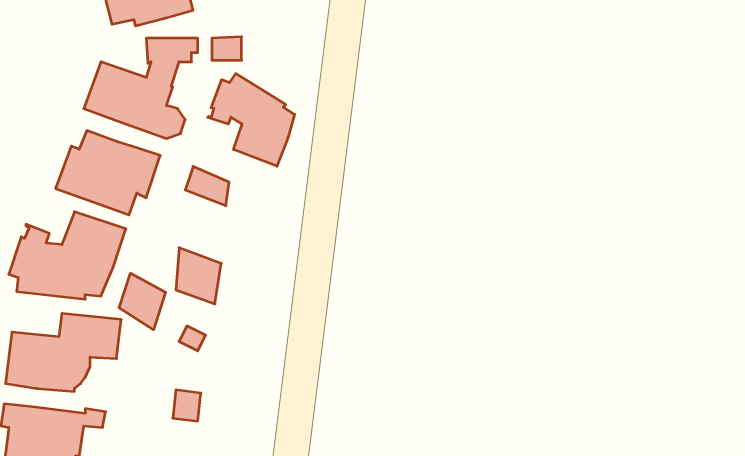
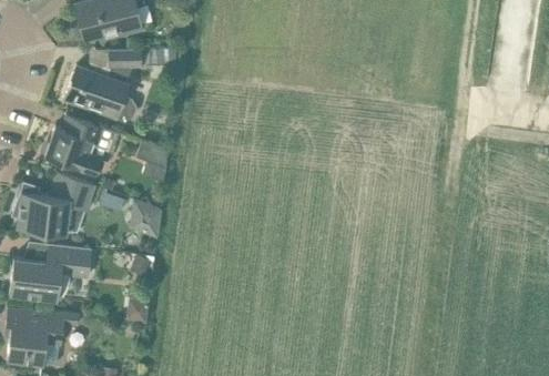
building: [208,74,295,166] -> none
building: [119,273,166,330] -> none

